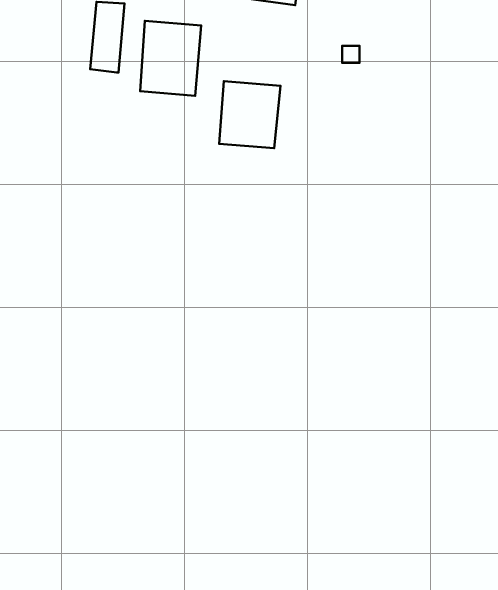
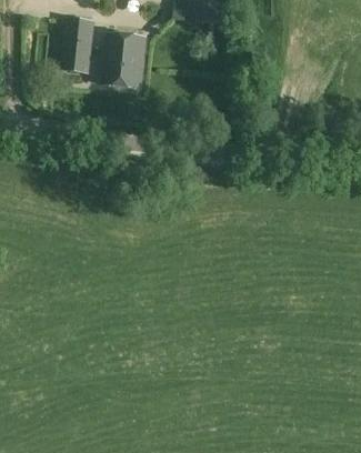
building: [219,81,280,148] -> none

